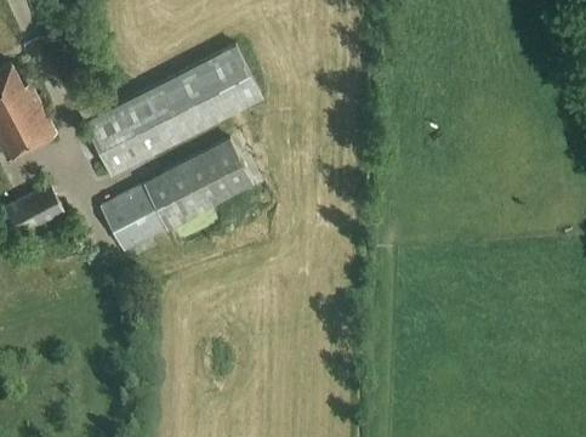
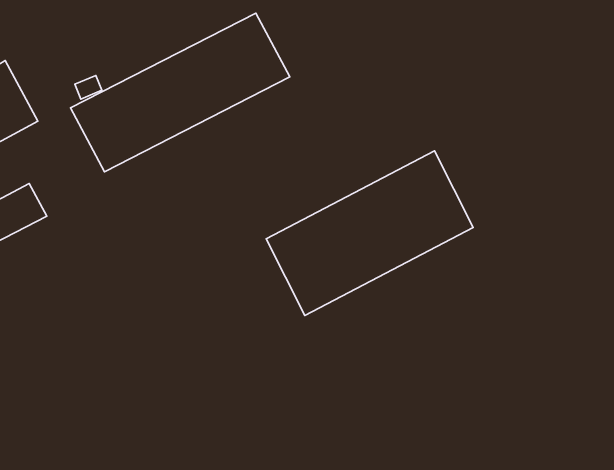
building: [99,141,252,251] -> none
building: none -> [266,151,473,315]

